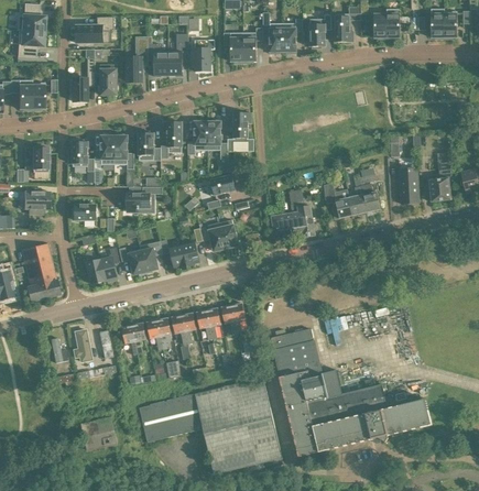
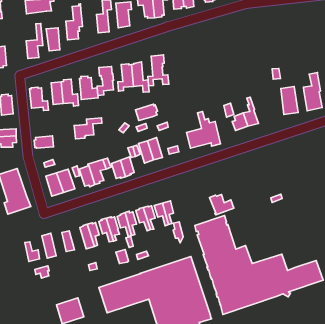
building: [148,44,167,76] -> none
building: [358,174,380,212] -> none
building: none -> [210,194,234,215]

